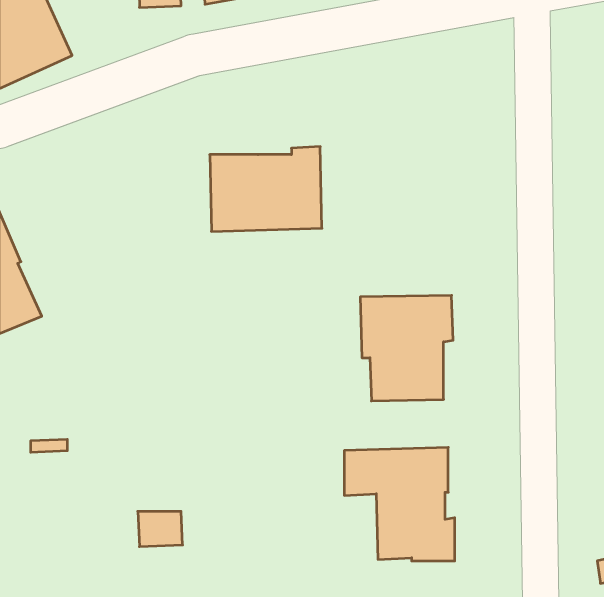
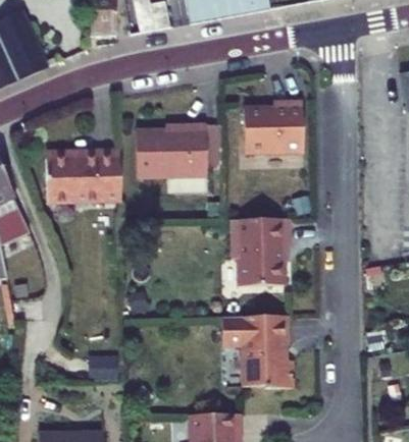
building: none -> [245,100,305,153]
building: none -> [46,150,121,203]

